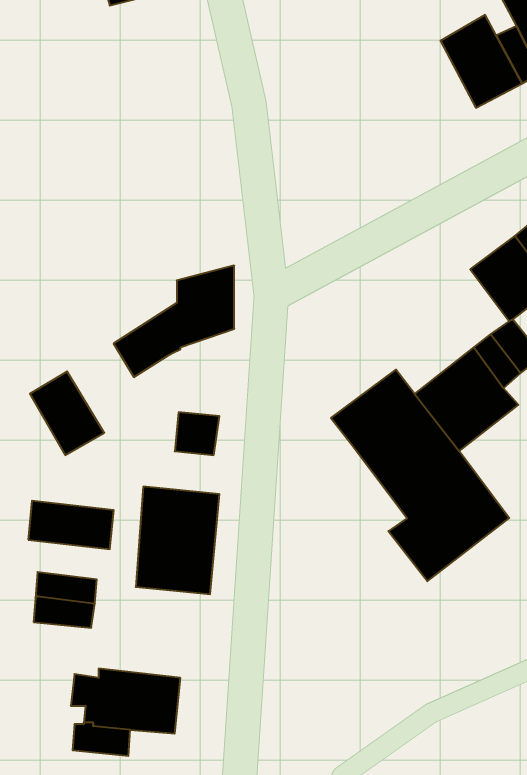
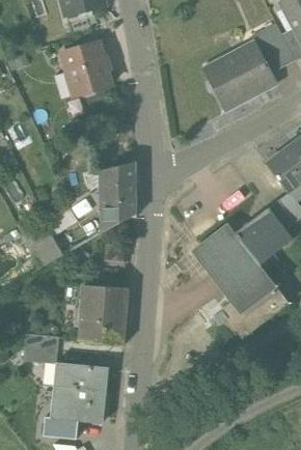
building: none -> [210,35,275,109]
building: none -> [61,41,111,95]
building: none -> [99,196,135,231]
building: [28,501,114,549] -> [59,364,107,391]

